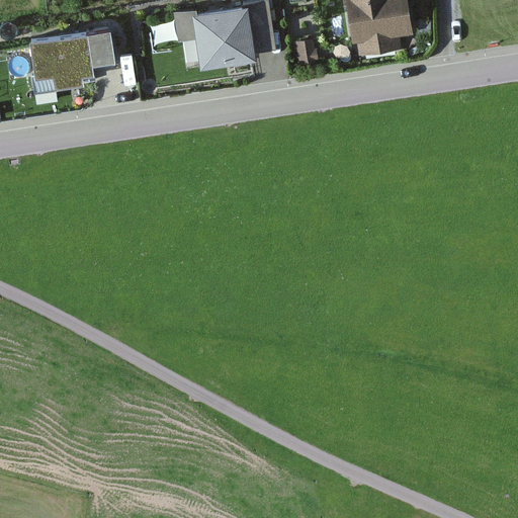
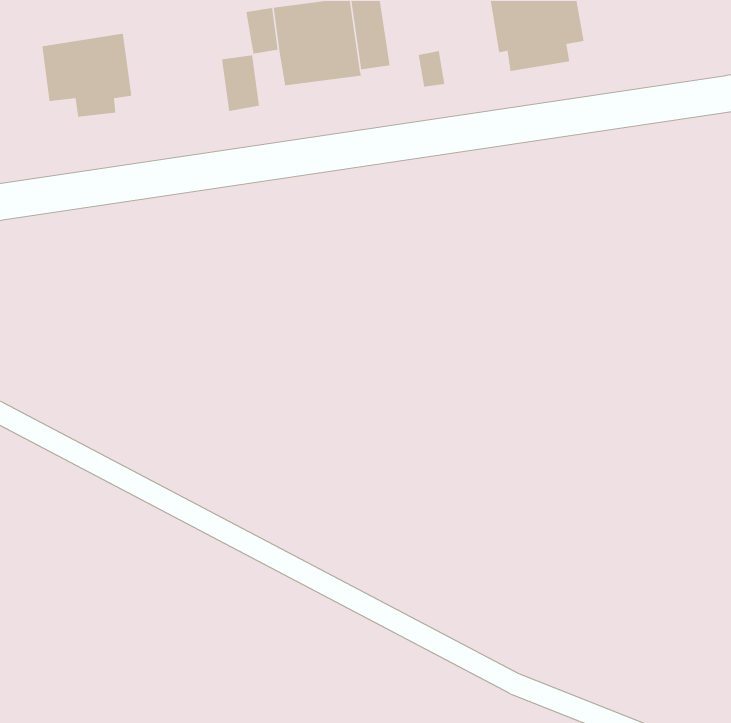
building: [87,27,114,68] -> [221,55,260,112]

